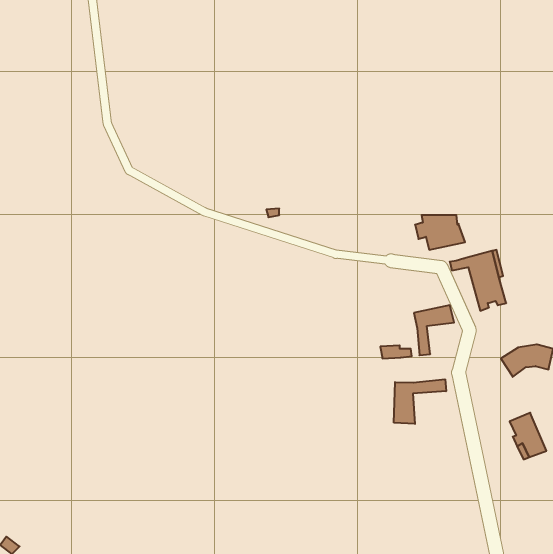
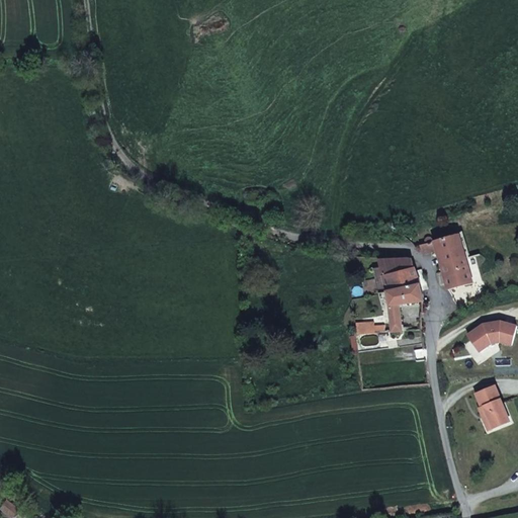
building: [415,215,465,250] -> [372,259,419,291]
building: [394,379,446,424] -> none

